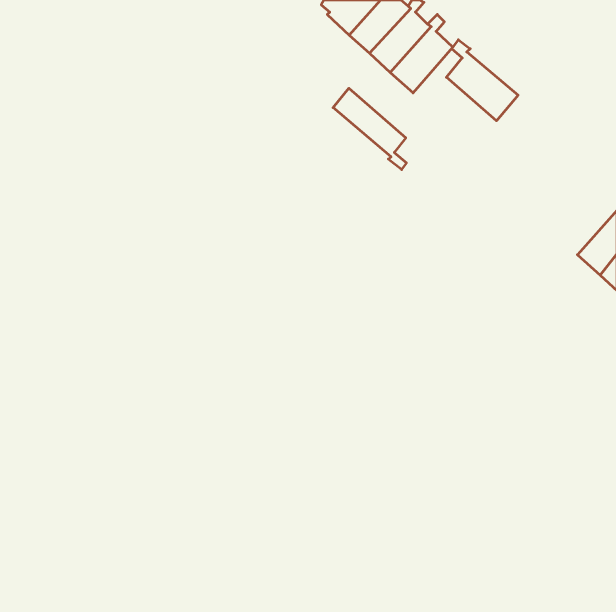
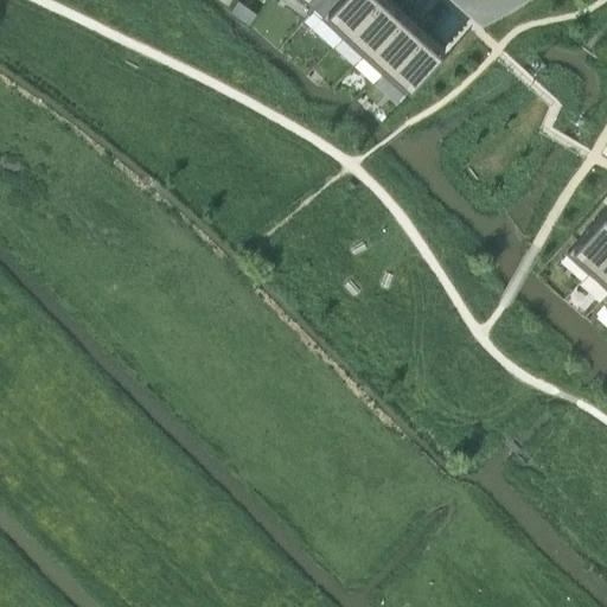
building: [446,40,518,121] -> none
building: [333,88,406,170] -> none

